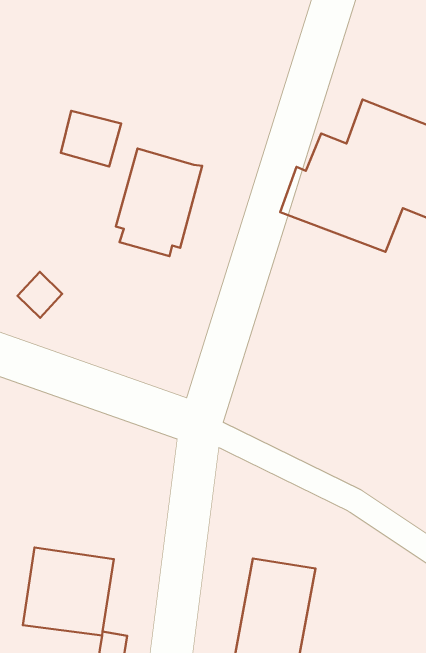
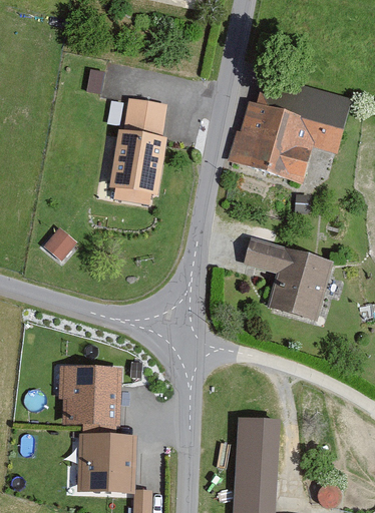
building: [61,111,121,167] -> [124,101,165,138]
building: none -> [242,239,334,323]
building: none -> [57,359,121,419]

